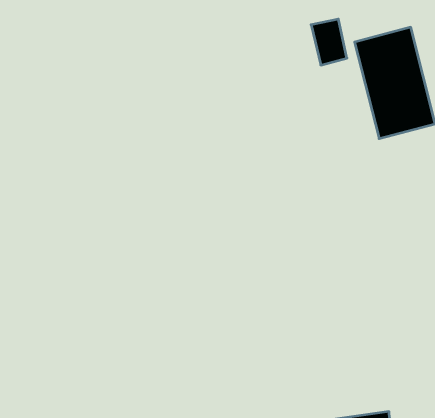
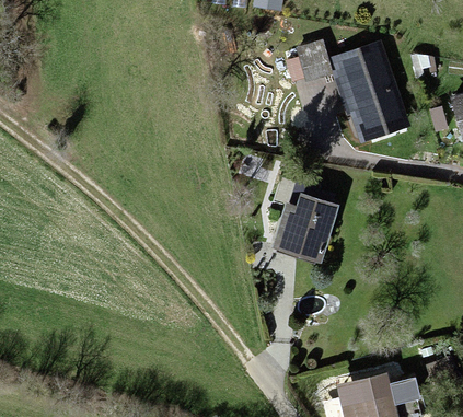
building: none -> [274,195,334,257]

